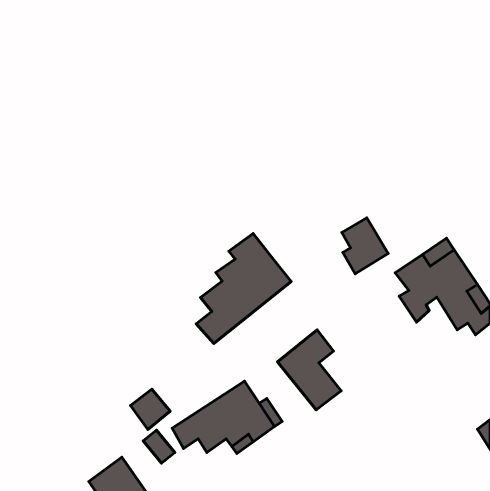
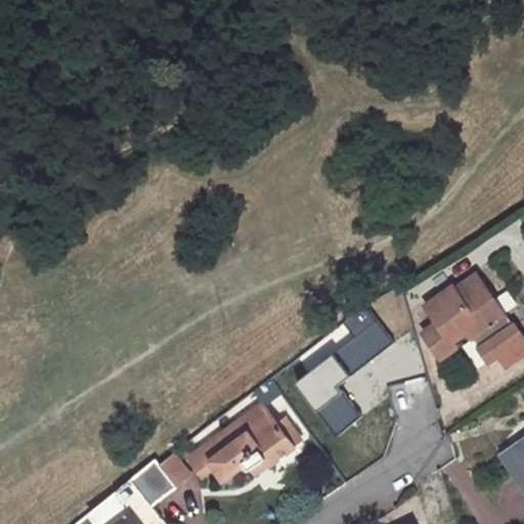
building: [342,218,388,274] -> [343,308,392,367]
building: [196,234,291,343] -> none
building: [131,389,170,430] -> [129,470,171,513]

